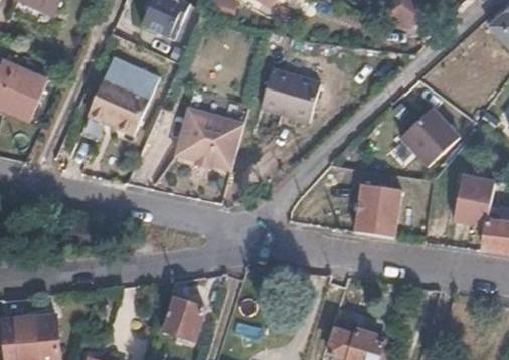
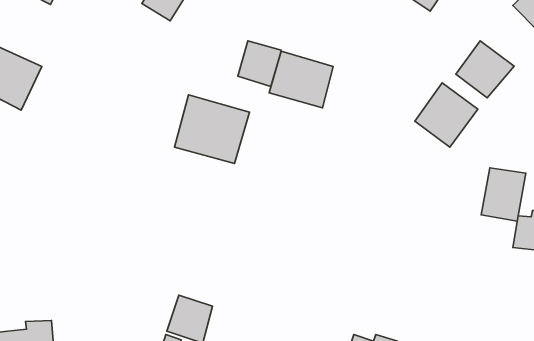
building: none -> [238,41,281,86]
building: none -> [456,41,514,98]
building: [81,58,155,137] -> none
building: [356,181,402,234] -> none

